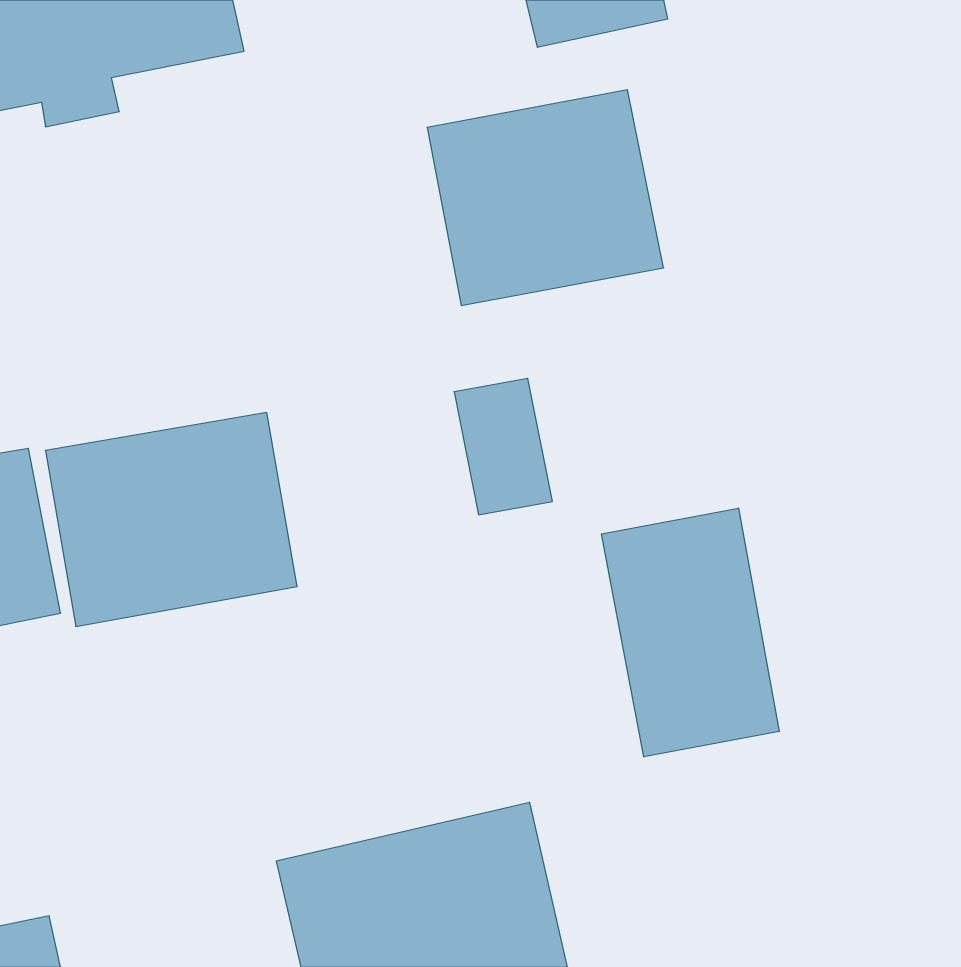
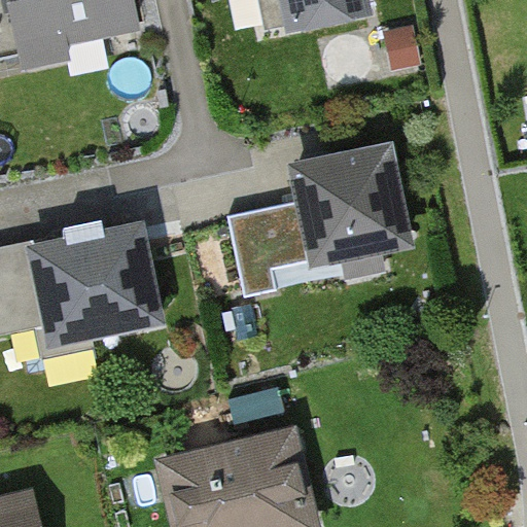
building: [427,90,664,306] -> [287,154,416,272]
building: [602,508,779,757] -> none

